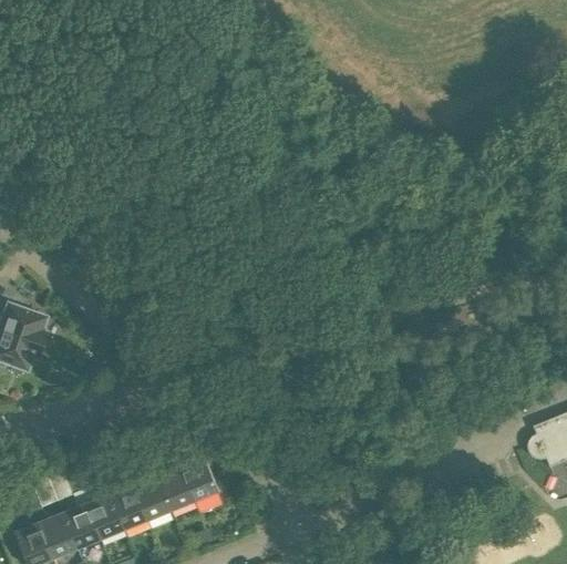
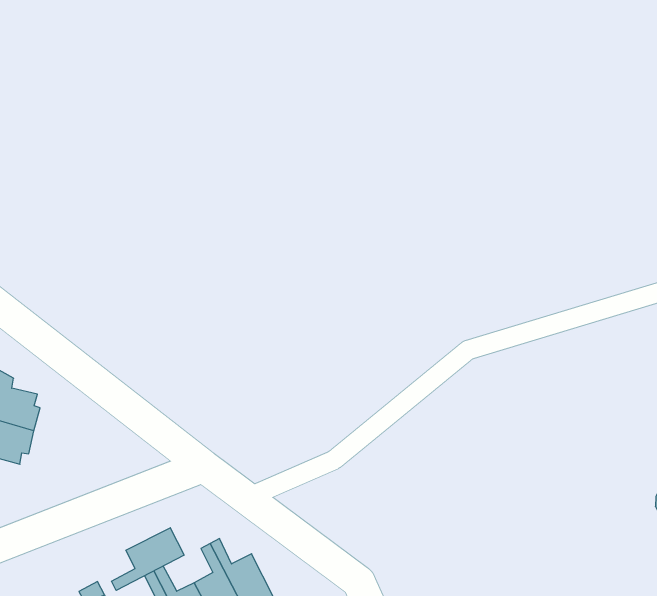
building: none -> [112,528,184,590]

